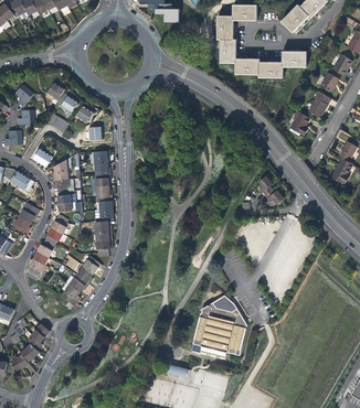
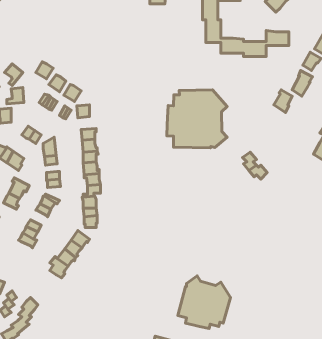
building: none -> [167,90,227,148]

